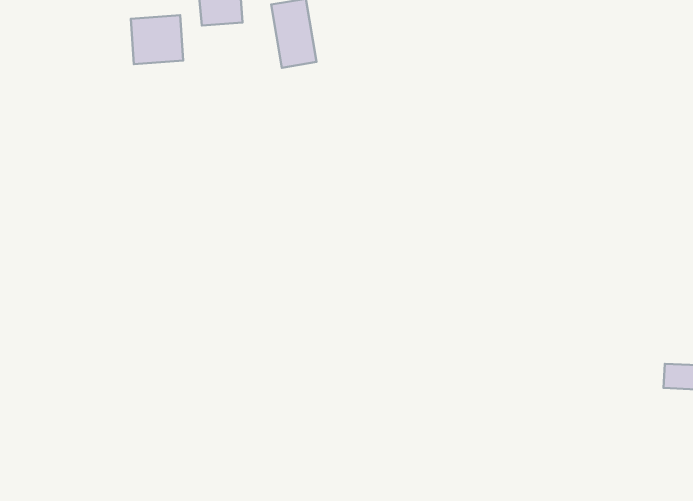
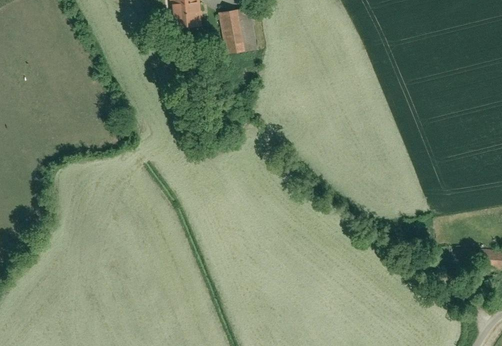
building: [131,15,183,64] -> none

